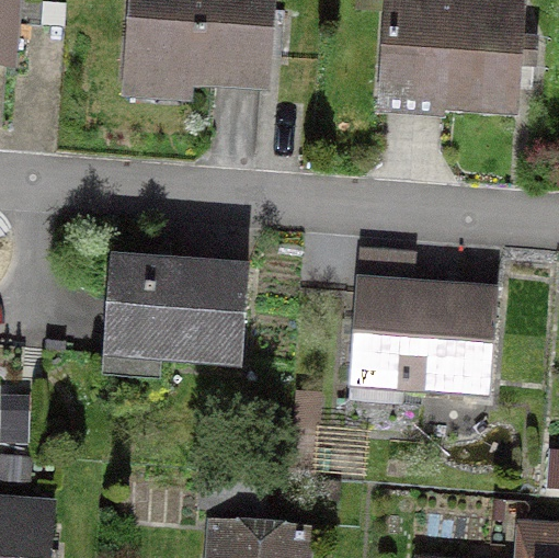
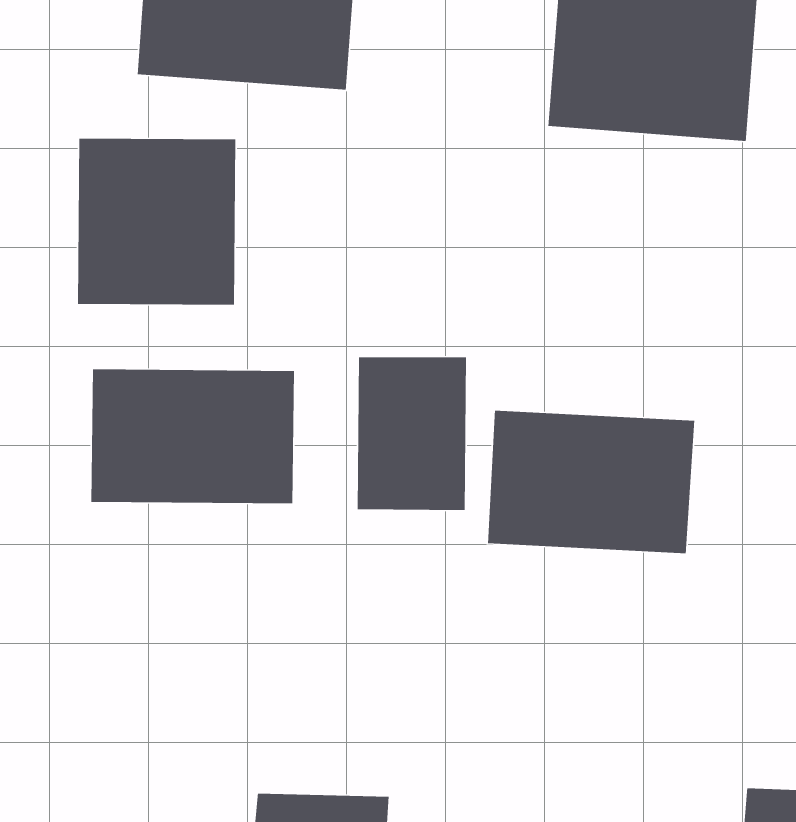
building: none -> [77,138,236,305]
building: none -> [357,357,467,511]

